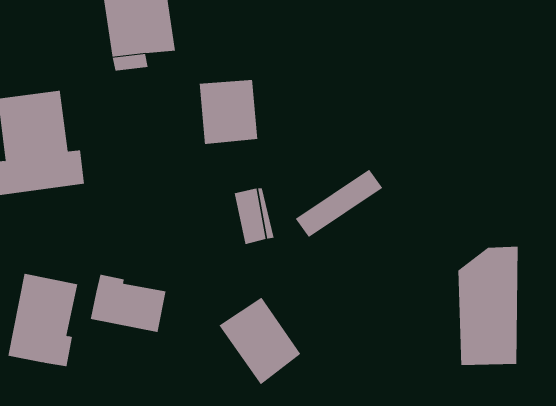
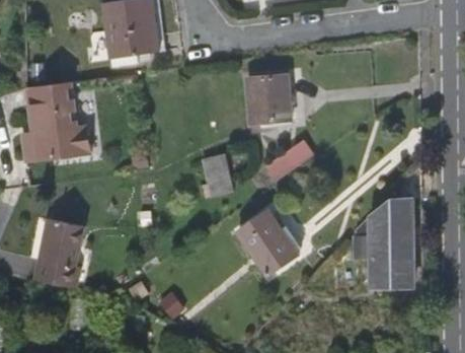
building: [199,79,258,144] -> [246,75,291,124]
building: [90,274,166,333] -> none
building: [219,297,301,385] -> [236,210,298,276]

